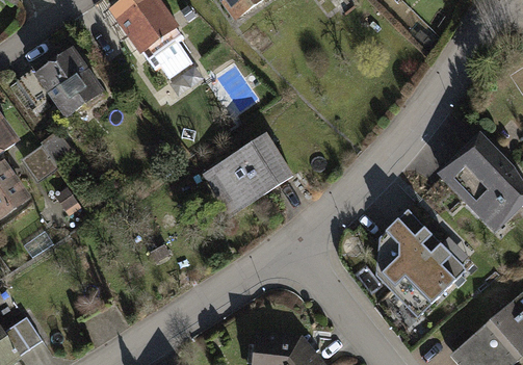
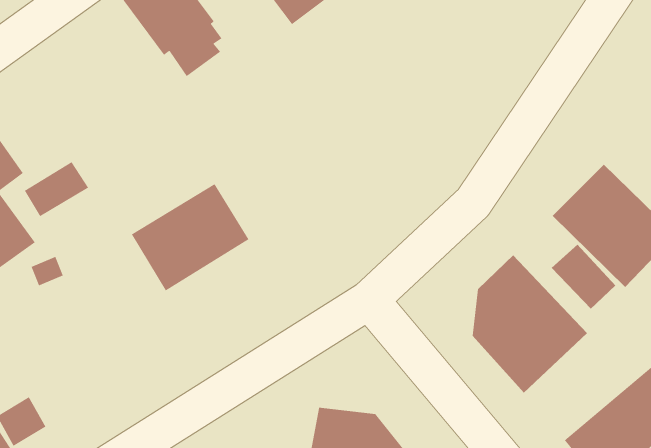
building: [21,45,111,119] -> none
building: [202,135,294,219] -> [131,183,249,291]
building: none -> [551,244,616,310]

